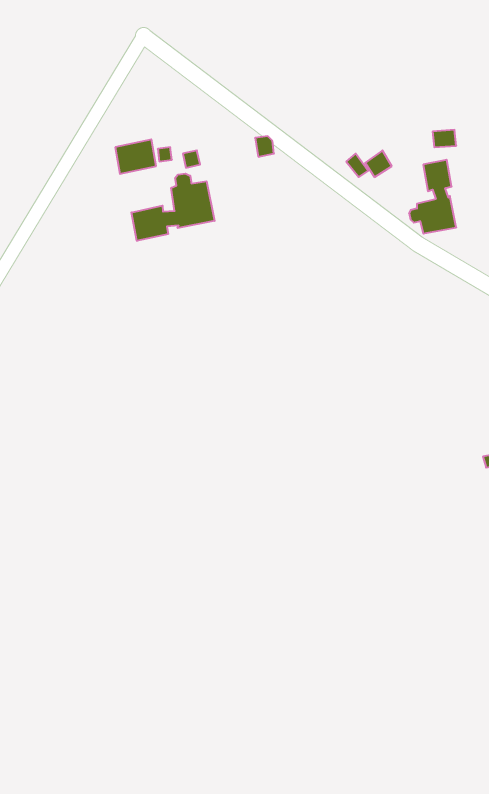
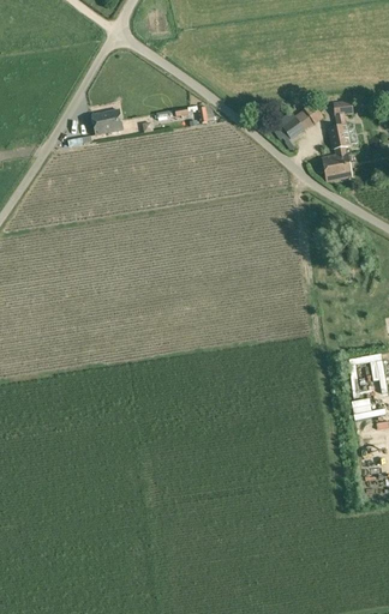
building: [131,174,215,241] -> none

